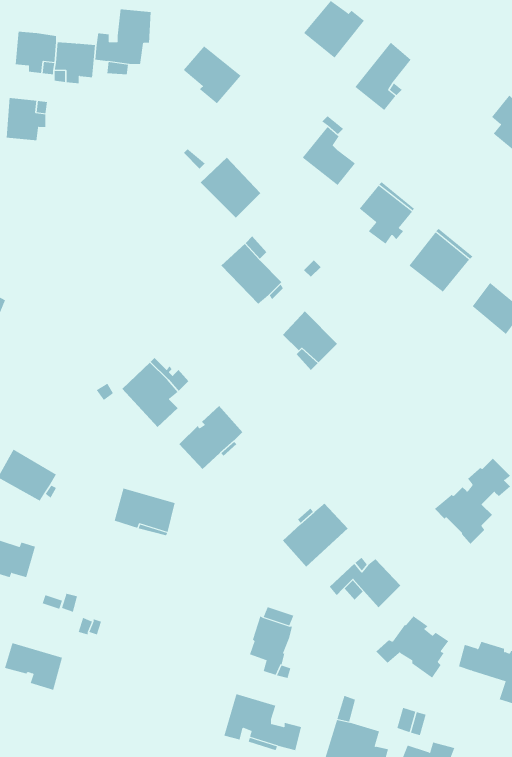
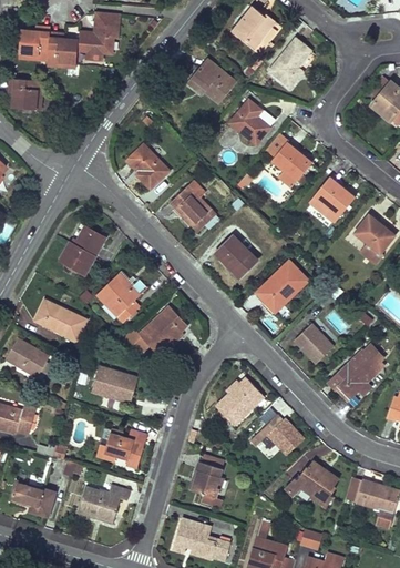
building: [183,46,241,104] -> [192,59,235,102]
building: [200,157,261,219] -> [123,143,168,189]
building: none -> [59,226,104,274]
building: none -> [255,260,307,312]
building: none -> [33,300,85,341]
building: none -> [294,324,332,363]
building: none -> [95,429,146,467]
building: none -> [78,485,130,521]

